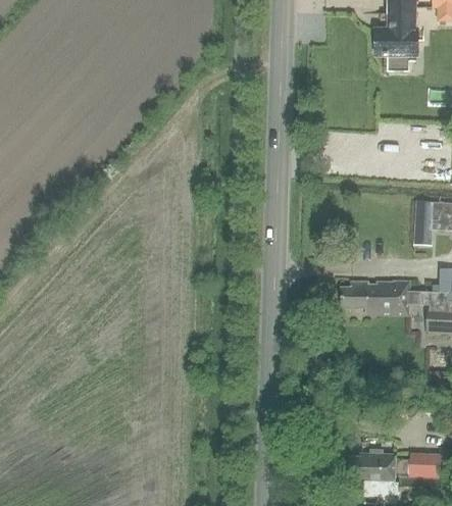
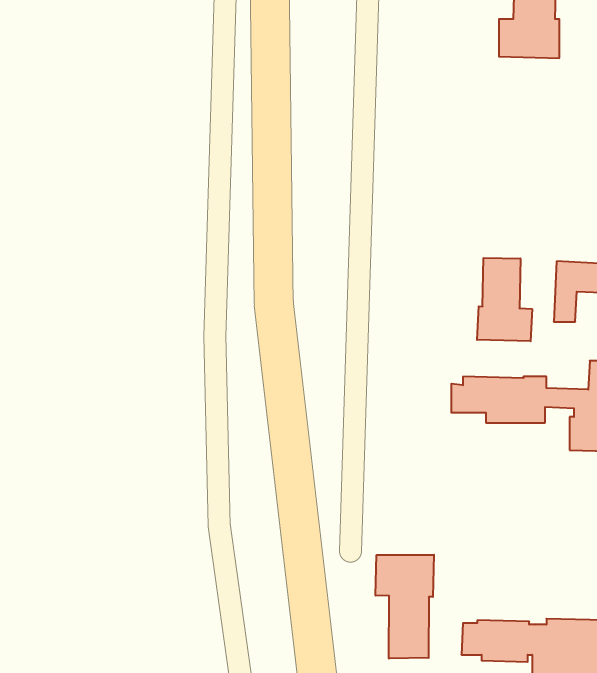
building: none -> [477,258,532,341]
building: none -> [376,555,434,659]

